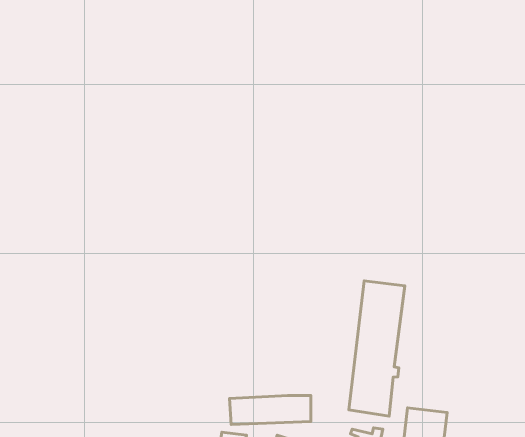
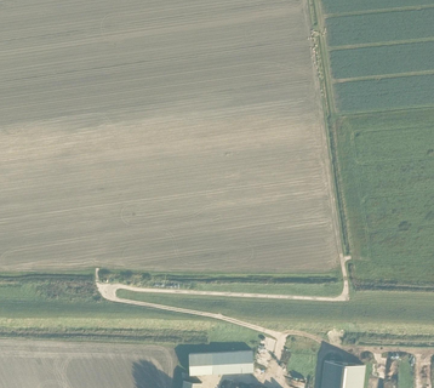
building: [349,281,405,416] -> none

